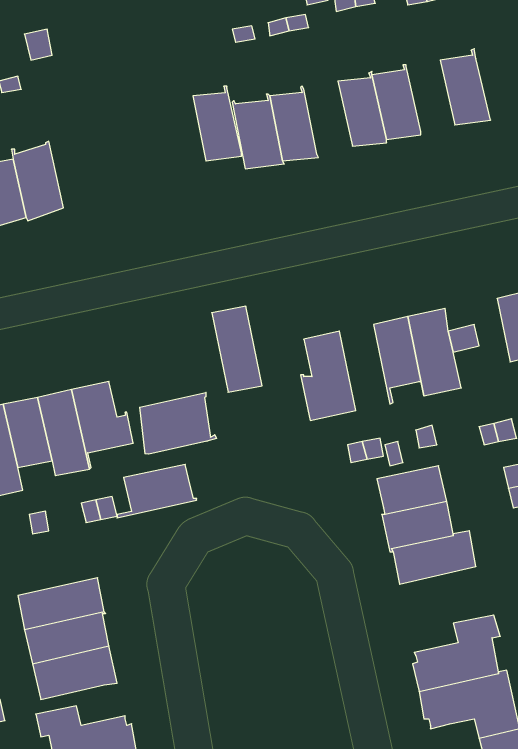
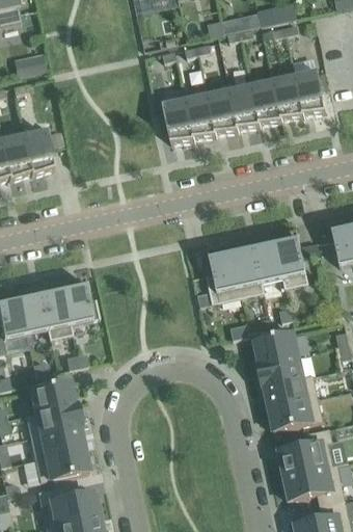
building: none -> [273,71,304,118]
building: [193,86,242,161] -> [208,85,239,133]
building: [212,306,262,392] -> [230,242,263,297]
building: [140,392,216,454] -> none
building: [117,464,197,518] -> [25,381,76,416]
building: none -> [269,397,323,431]

